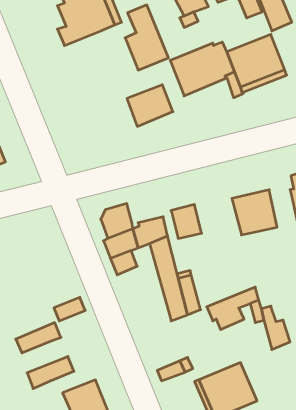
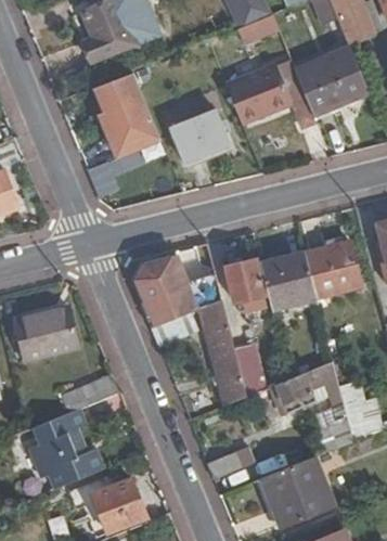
building: [125,5,168,70] -> [103,73,157,154]
building: none -> [258,252,313,308]
building: none -> [16,305,75,356]
building: none -> [28,428,89,473]

